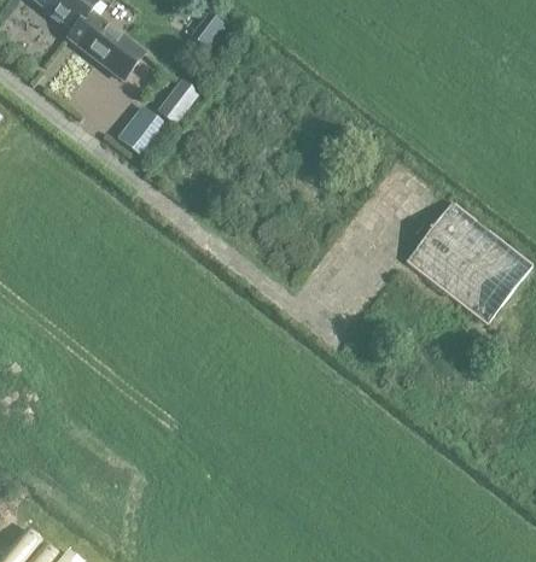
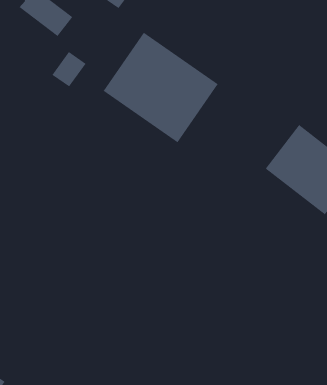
building: none -> [103,32,219,143]
building: [158,77,198,121] -> none

